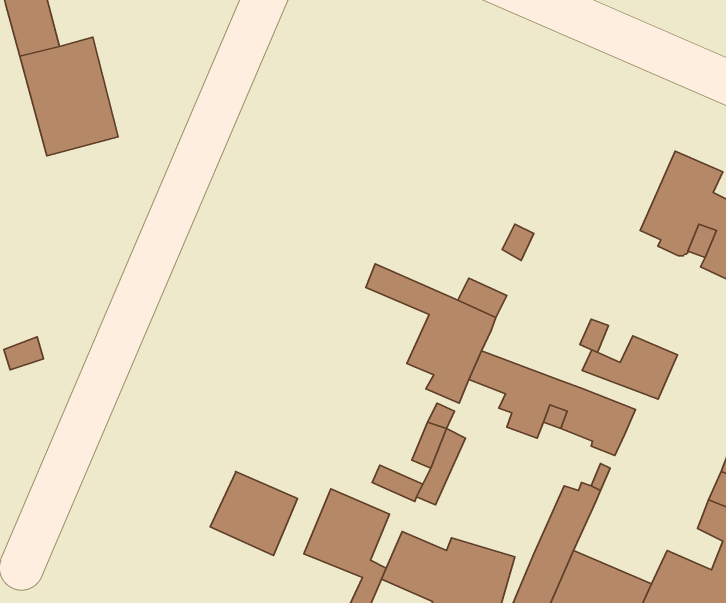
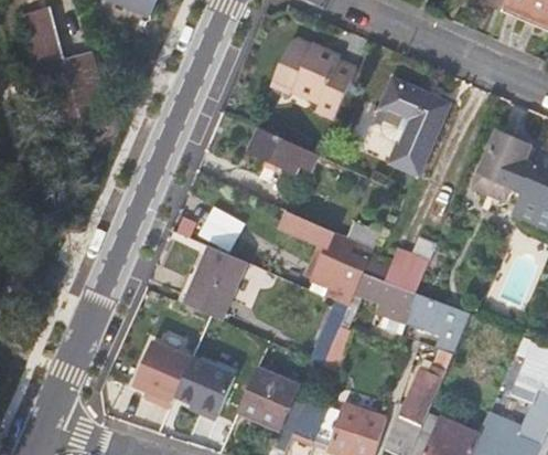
building: none -> [268,38,355,116]
building: none -> [372,77,451,177]
building: none -> [249,128,320,172]
building: none -> [200,204,247,251]
building: none -> [183,245,247,320]
building: [582,336,677,399] -> [363,247,429,292]
building: none -> [133,340,192,406]

